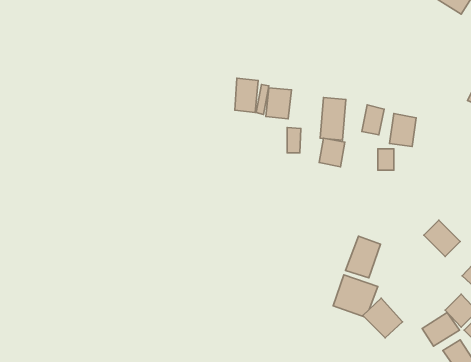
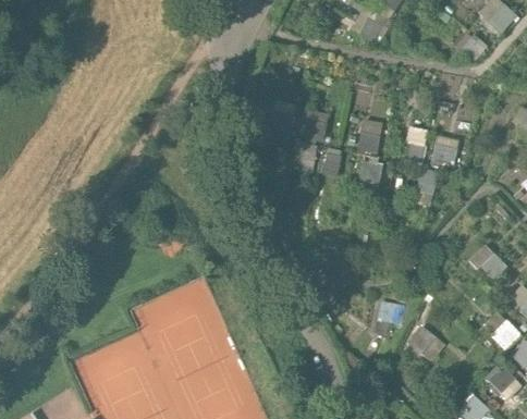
building: [346,236,381,278] -> none
building: [422,312,459,346] -> none

